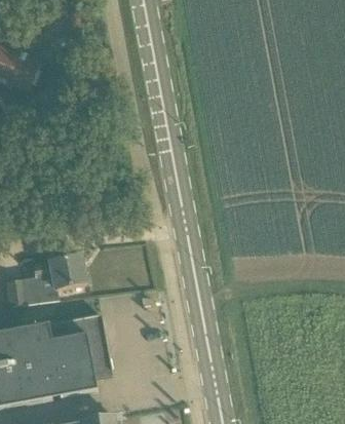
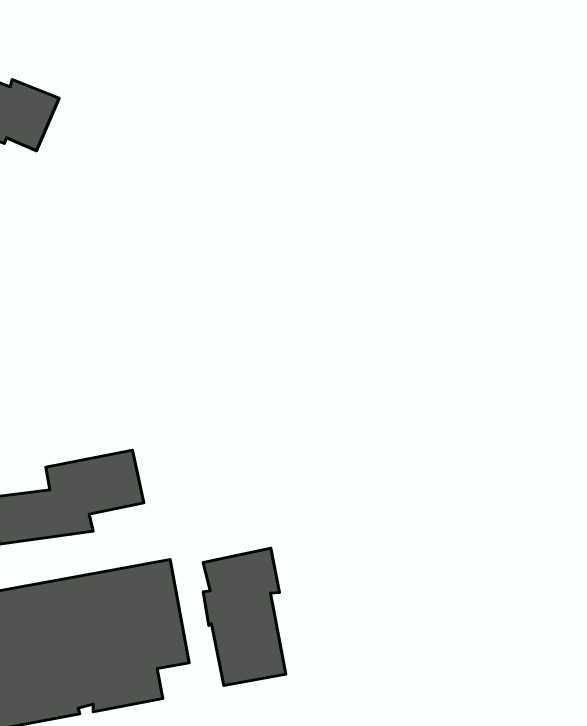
building: none -> [203,548,286,686]

